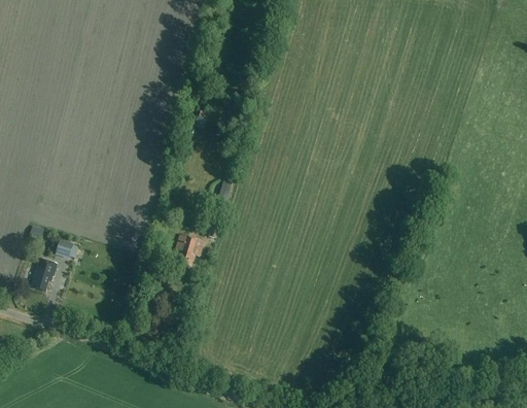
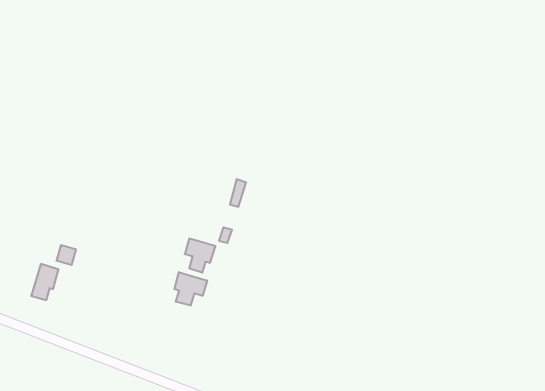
building: none -> [174,272,207,306]

